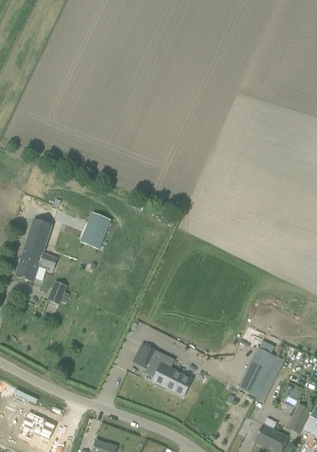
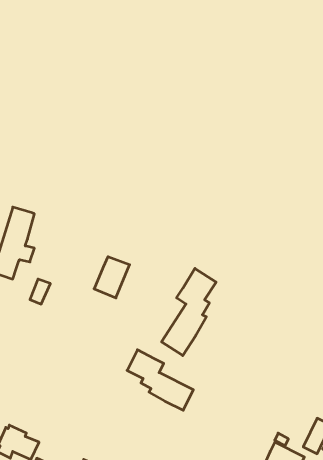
building: [79,213,110,249] -> [94,257,130,298]
building: none -> [162,268,216,356]
building: [238,347,276,396] -> none

